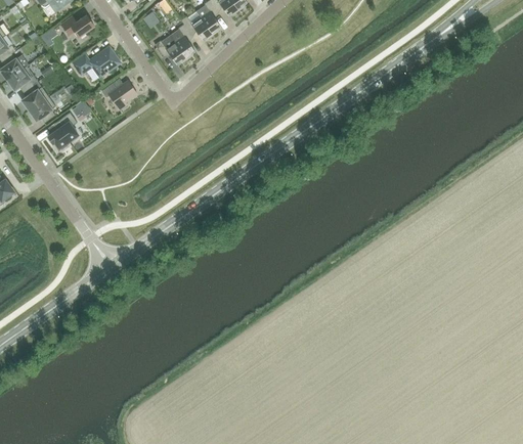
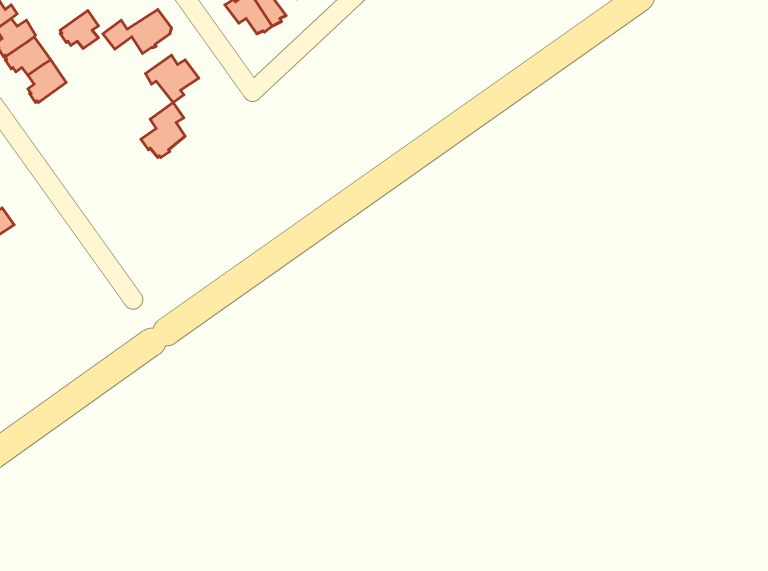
building: [30,95,55,121] -> [60,10,98,49]
building: [48,110,78,147] -> [141,103,185,157]

